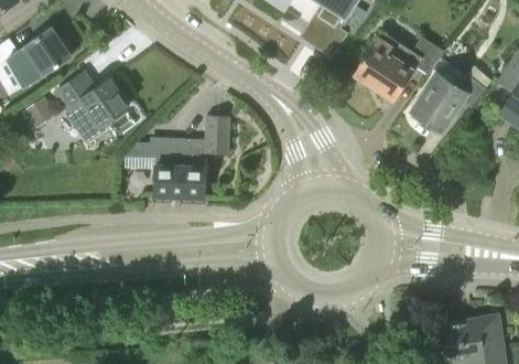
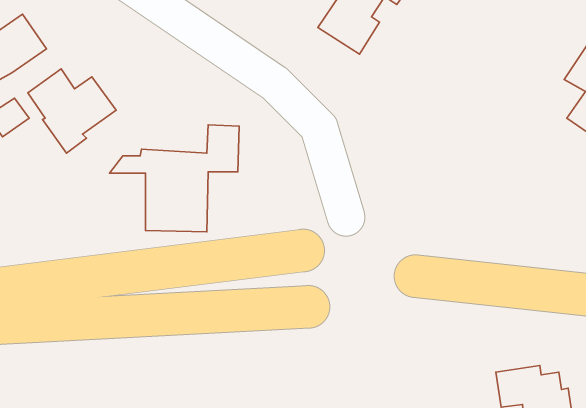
building: [354,30,443,99] -> none
building: [413,65,493,122] -> none

